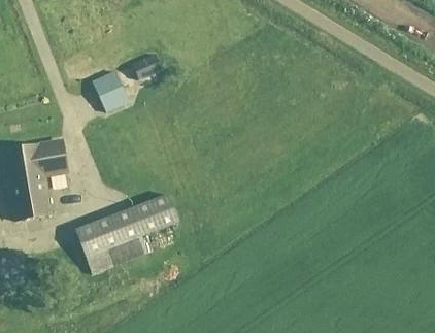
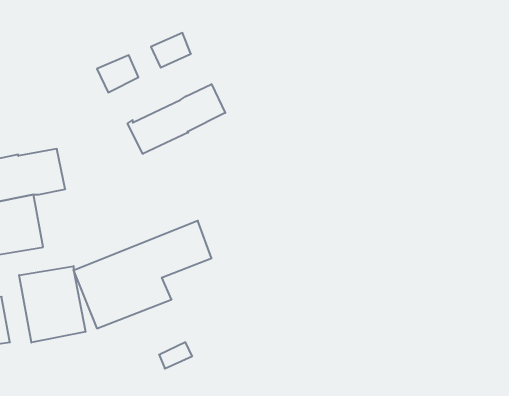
building: none -> [128,84,225,154]
building: none -> [19,266,85,343]

